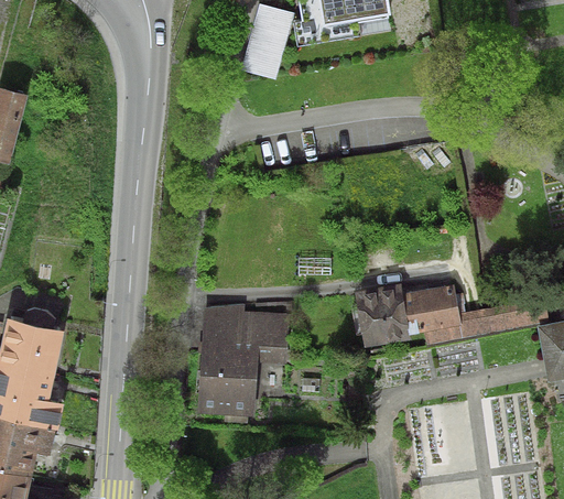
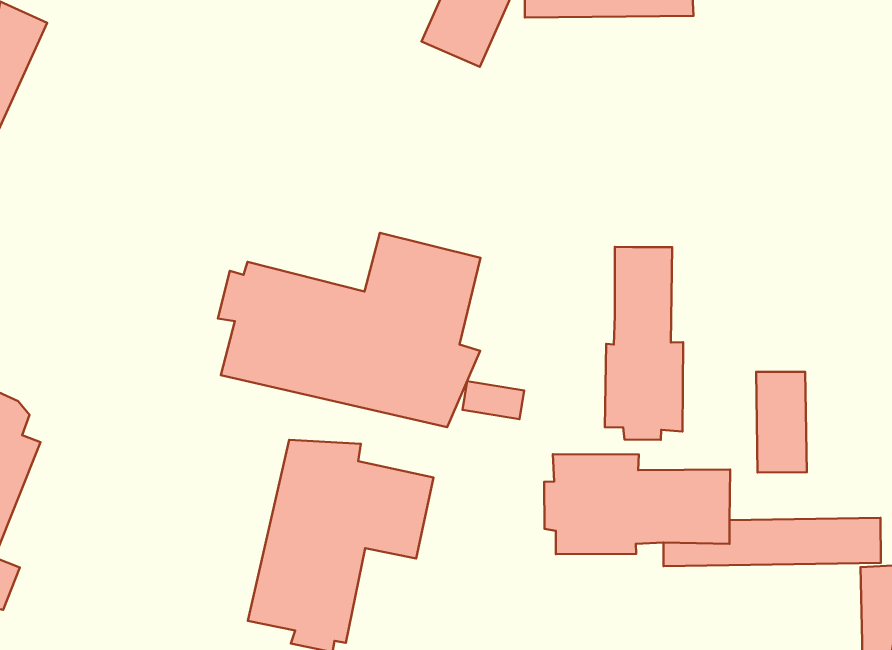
building: none -> [605,247,683,440]
building: none -> [218,233,481,427]
building: none -> [756,372,807,472]

